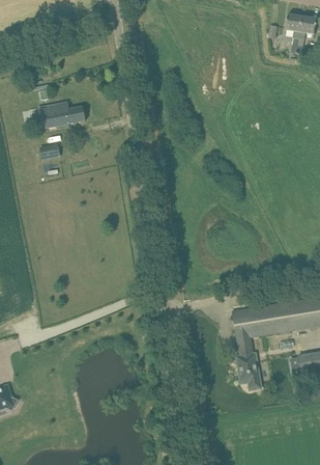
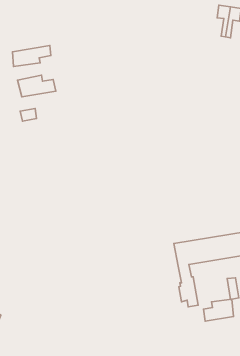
building: none -> [13,45,51,67]
building: none -> [204,299,234,321]

